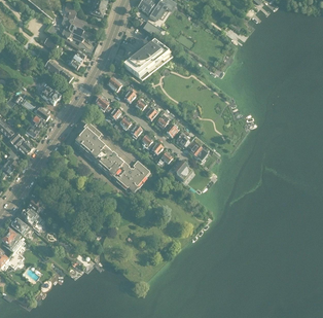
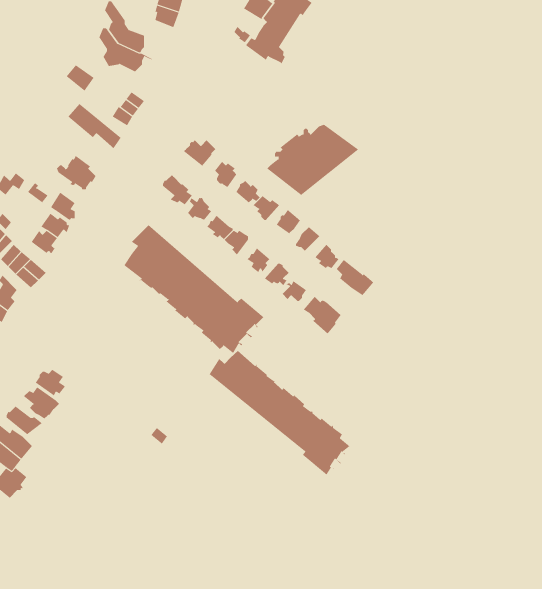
building: [122,41,172,79] -> [266,124,359,196]
building: none -> [209,350,350,476]

